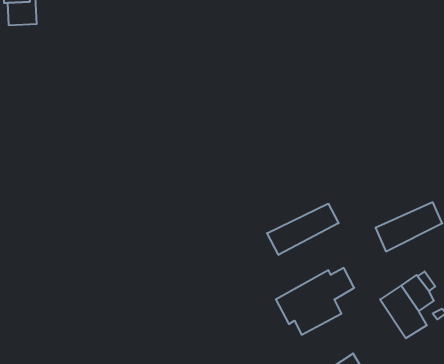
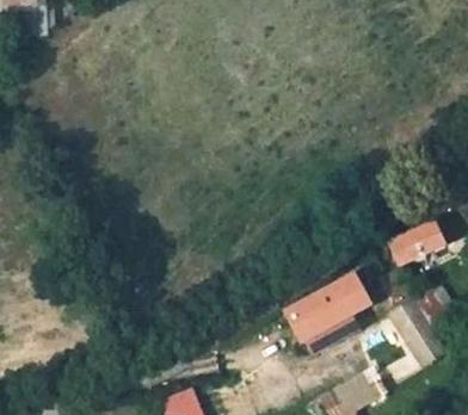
building: [267,204,339,255] -> none

